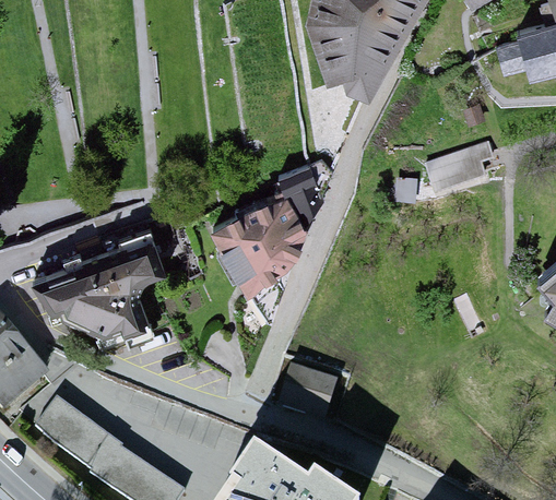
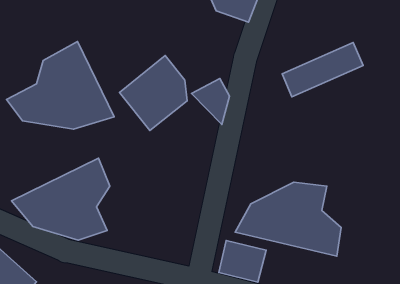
building: none -> [6,42,114,129]
building: [216,193,300,284] -> [119,55,187,131]
building: none -> [235,182,341,256]

